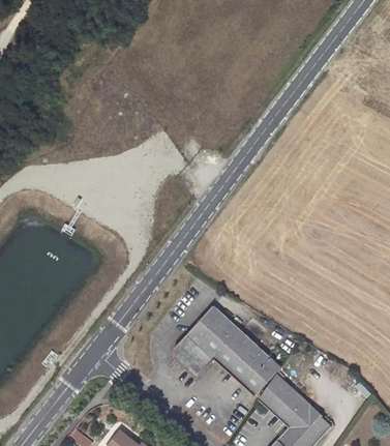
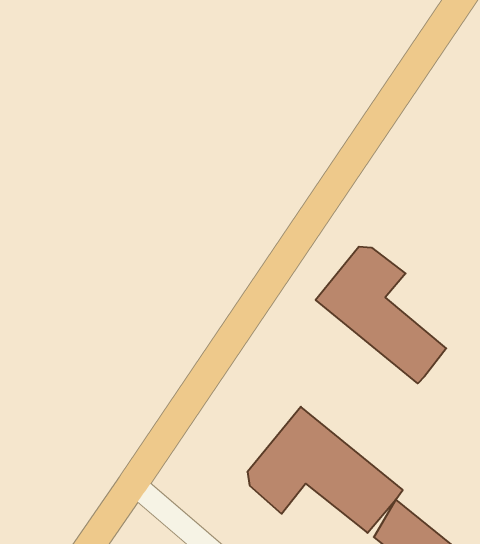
building: none -> [316,247,446,383]

